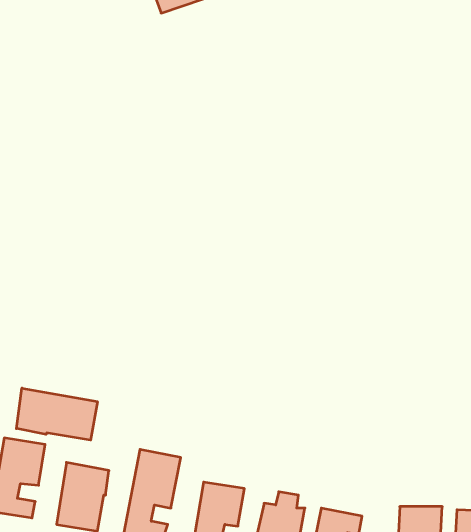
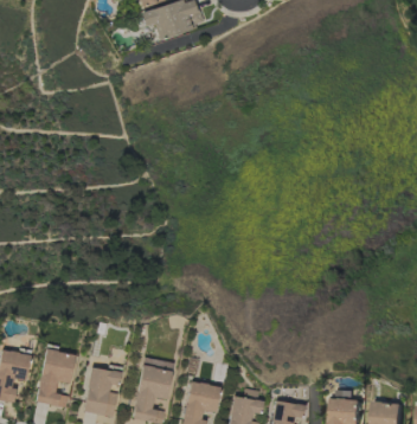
building: [16,388,97,440] -> none

